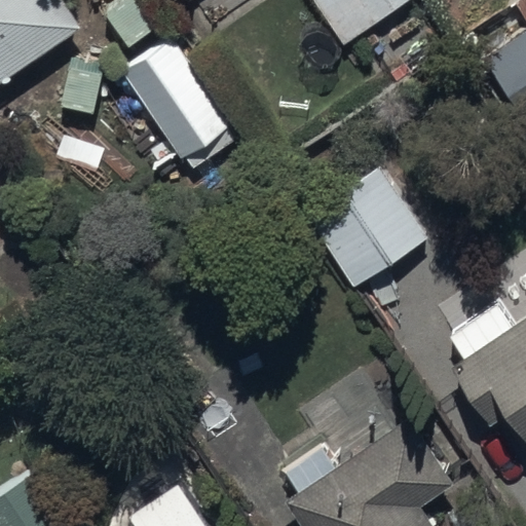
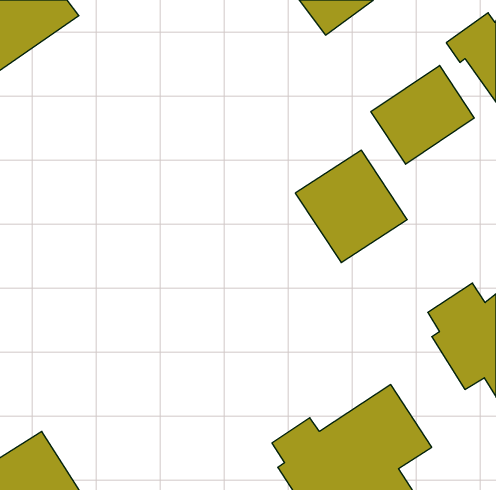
building: [121,41,239,170] -> none
building: none -> [371,65,474,164]

